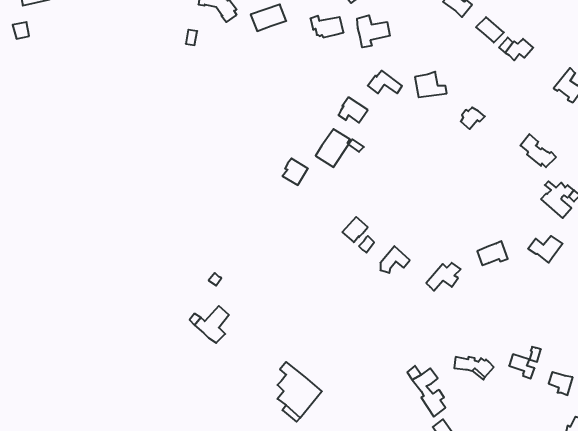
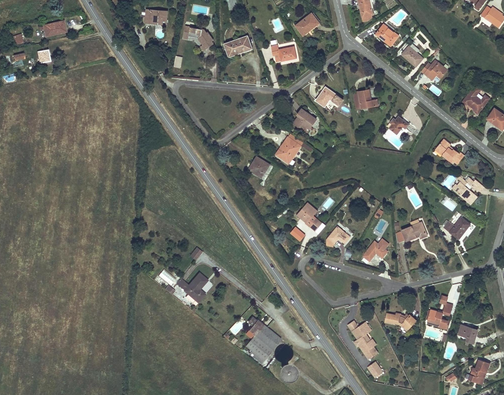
building: [357,15,390,47] -> none

